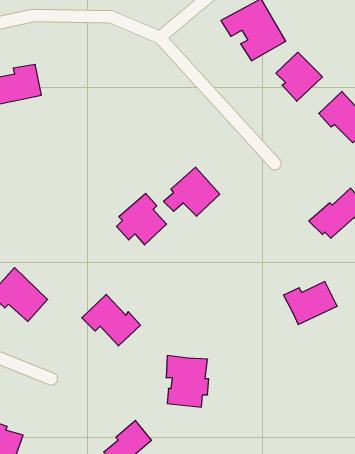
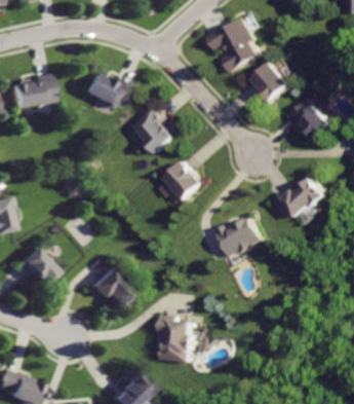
building: none -> [88,73,131,108]
building: [116,193,167,245] -> [134,110,176,153]
building: [283,282,337,324] -> [221,220,266,256]

